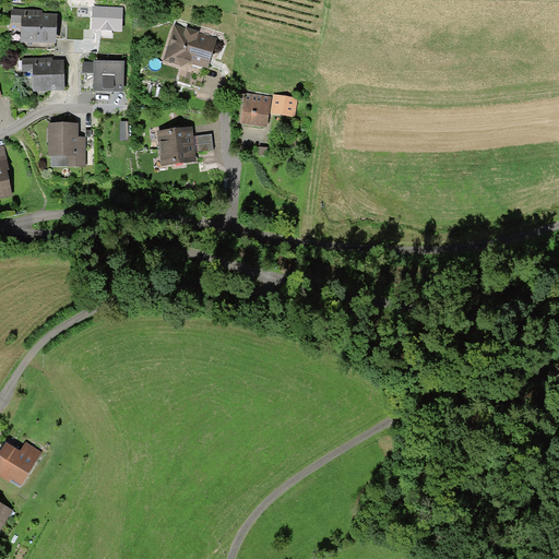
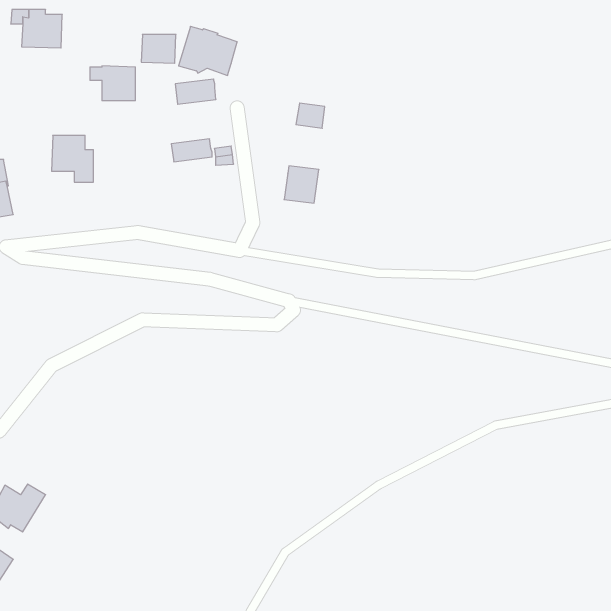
building: [91,5,122,32] -> [141,34,176,63]
building: [21,57,63,91] -> none
building: [239,93,271,127] -> [284,166,319,203]
building: [158,143,195,166] -> [175,79,216,104]

